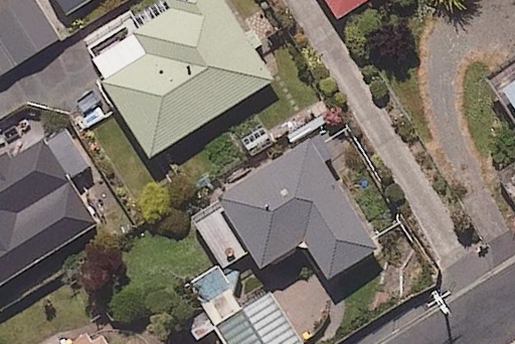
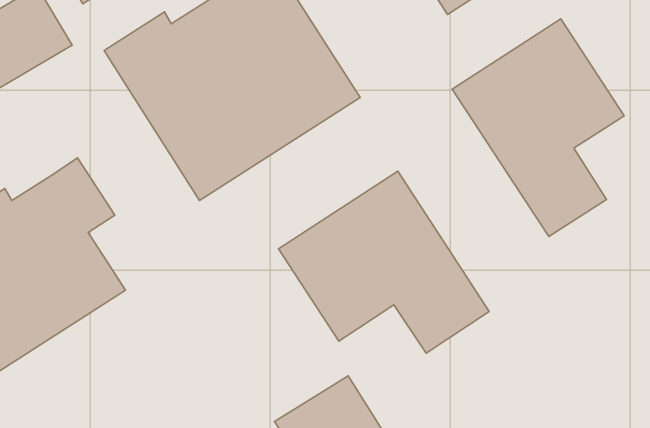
building: none -> [452,19,624,236]

